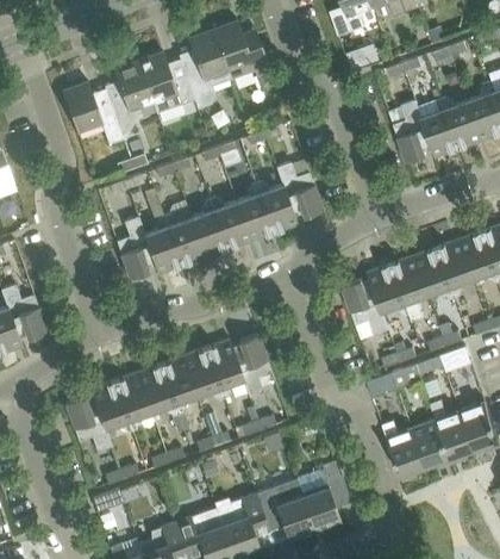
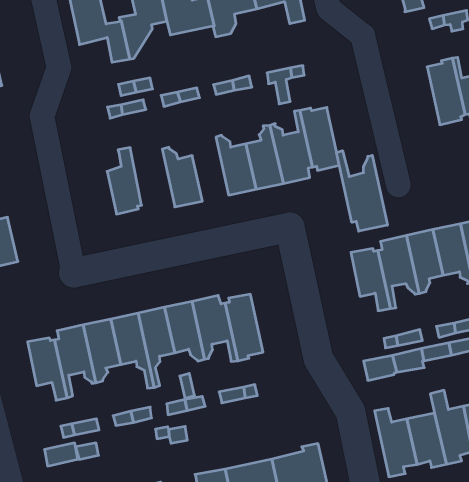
building: none -> [337,151,387,231]
building: [190,199,227,257] -> none
building: [135,216,181,274] -> none

